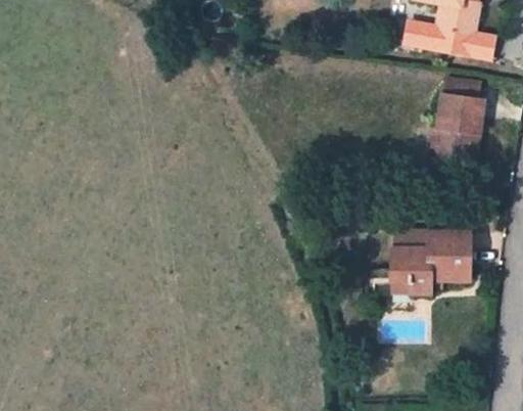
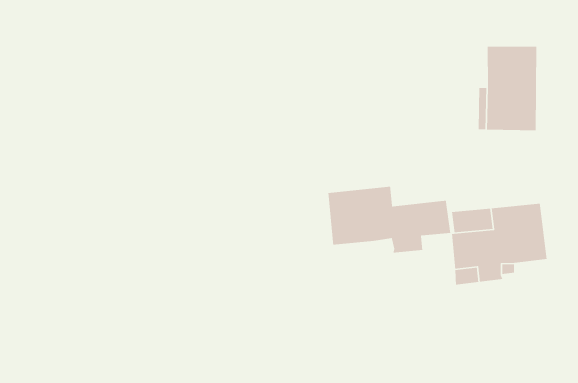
building: none -> [328,186,451,253]

